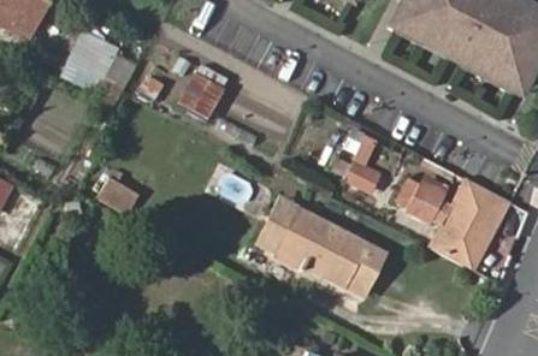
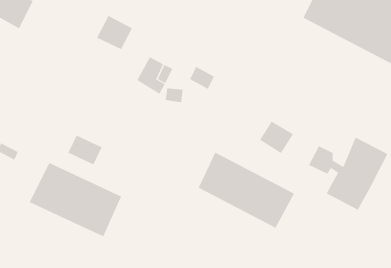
building: [73,34,120,78] -> [96,15,133,50]
building: none -> [29,162,122,237]

